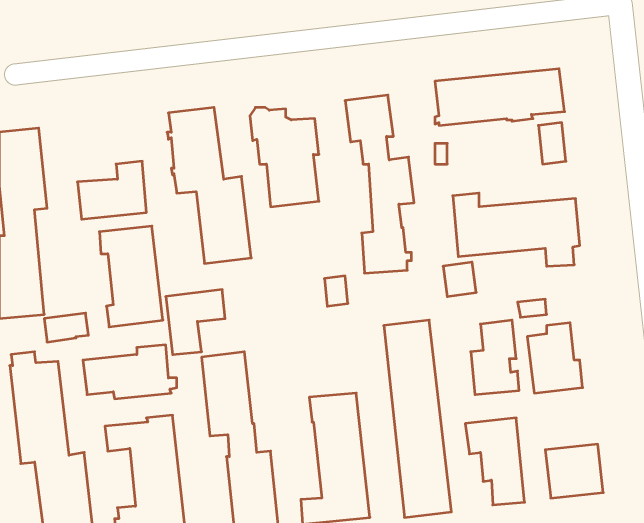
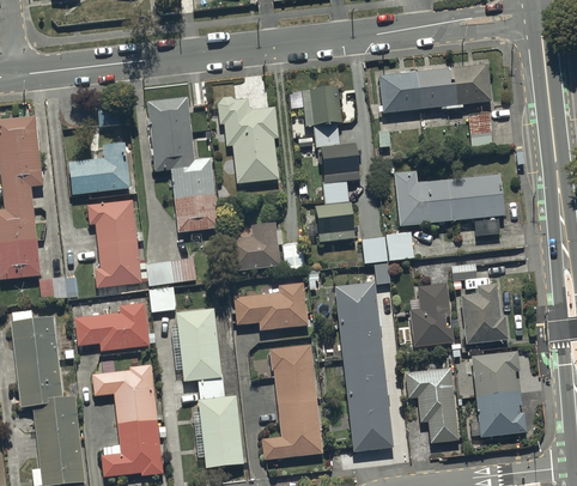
building: none -> [224,224,280,271]
building: none -> [362,236,389,284]
building: none -> [235,283,308,329]
building: none -> [470,350,520,394]

